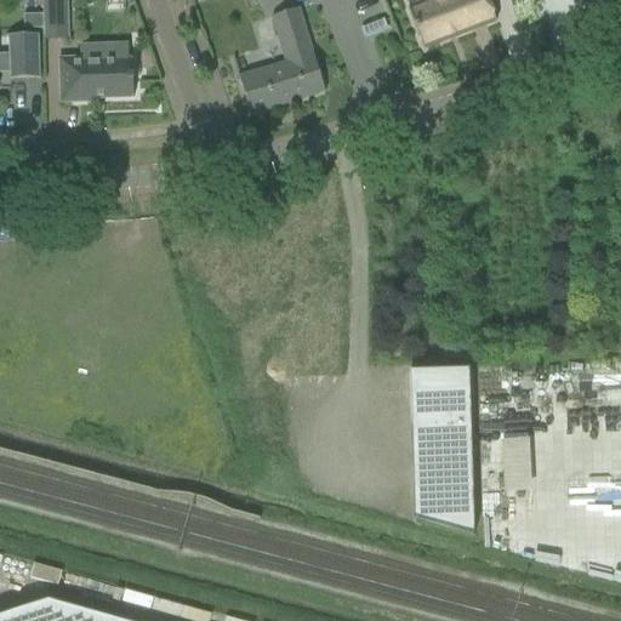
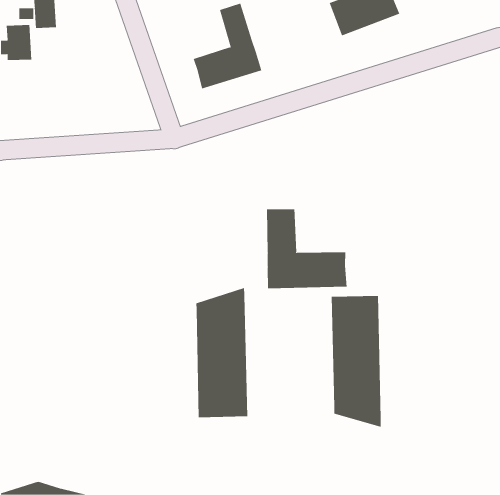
building: [58,41,132,98] -> none
building: none -> [267,208,347,289]
building: none -> [196,287,248,418]

